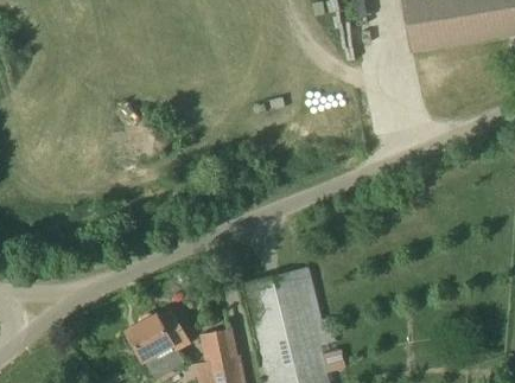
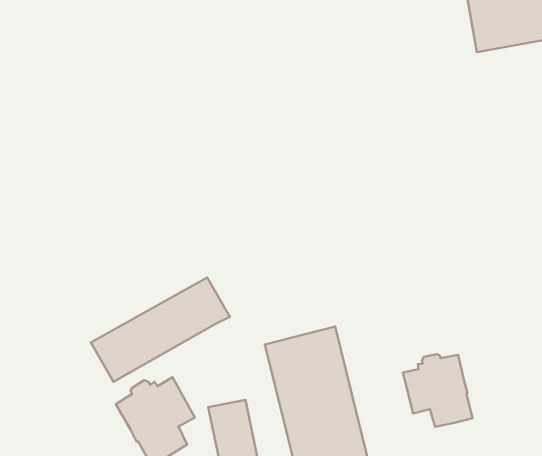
building: none -> [91,277,230,382]
building: none -> [403,354,473,427]

